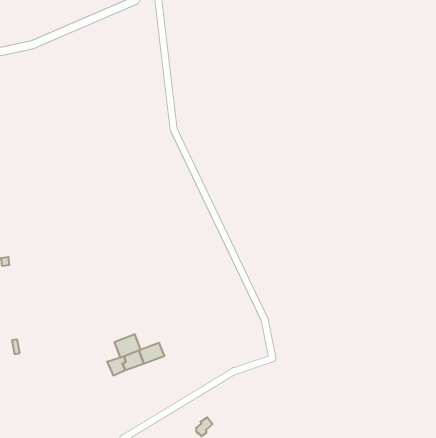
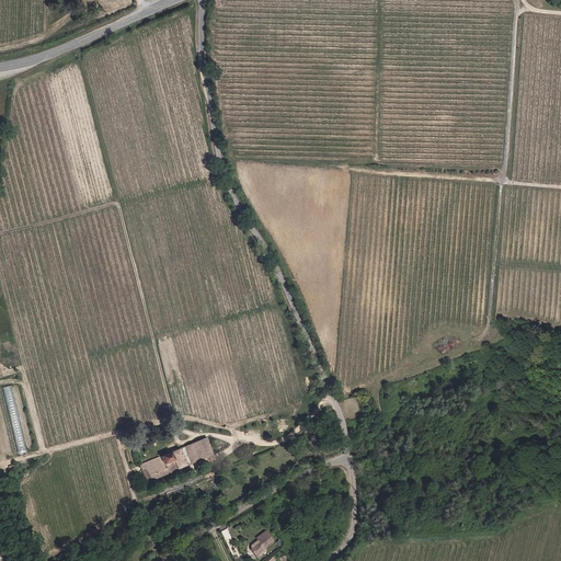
building: [115,334,140,358] -> none

